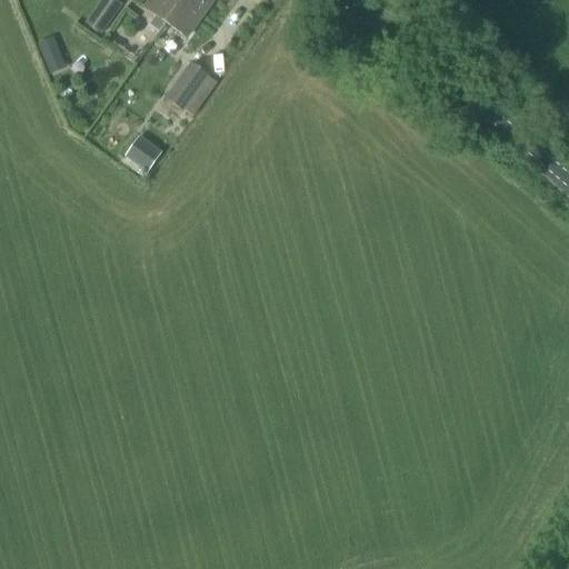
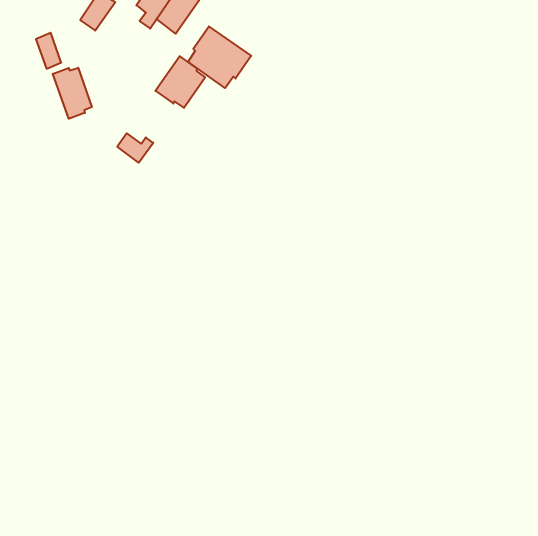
building: none -> [188,26,251,88]
building: none -> [53,68,92,119]

